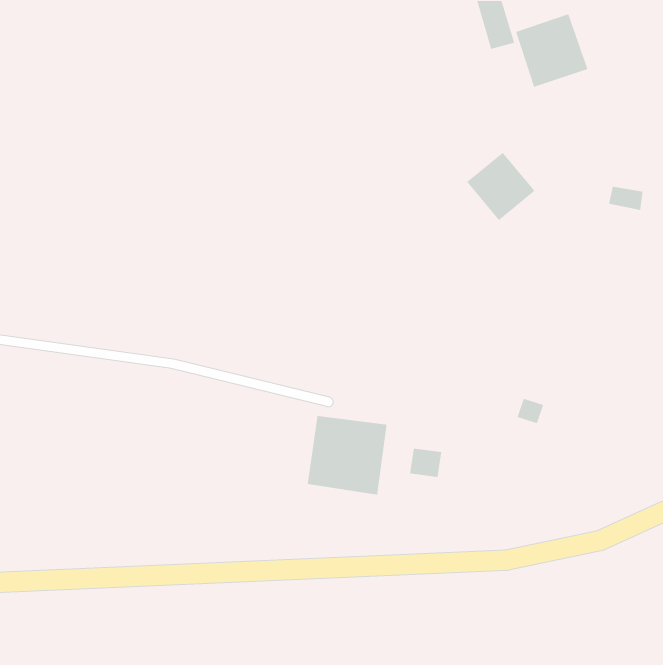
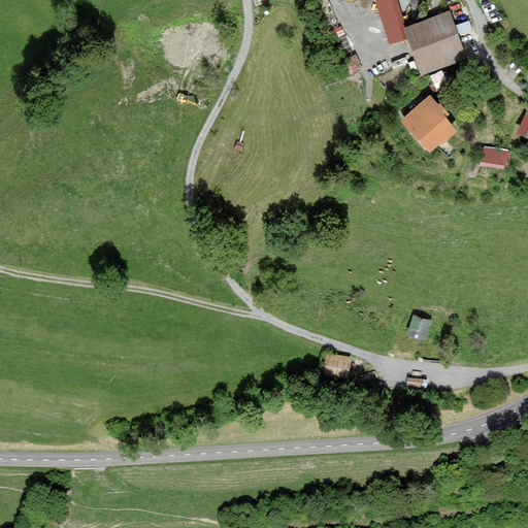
building: [466,152,536,221] -> [402,94,457,148]
building: [307,415,388,495] -> none

